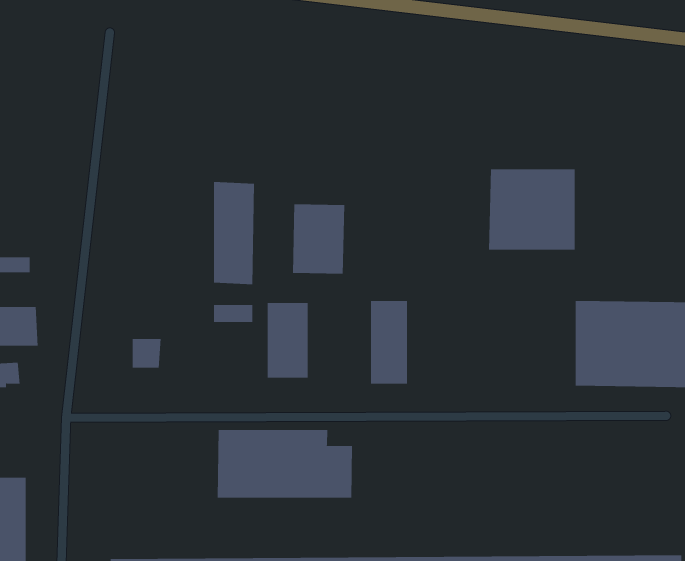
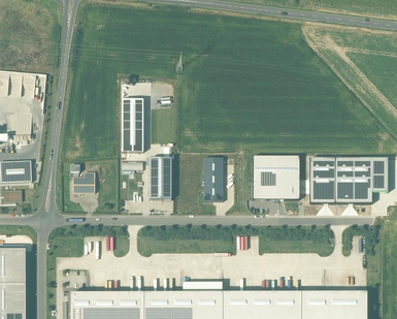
building: [488,169,576,250] -> [253,157,298,199]
building: [293,203,345,274] -> none
building: [217,429,353,498] -> none

